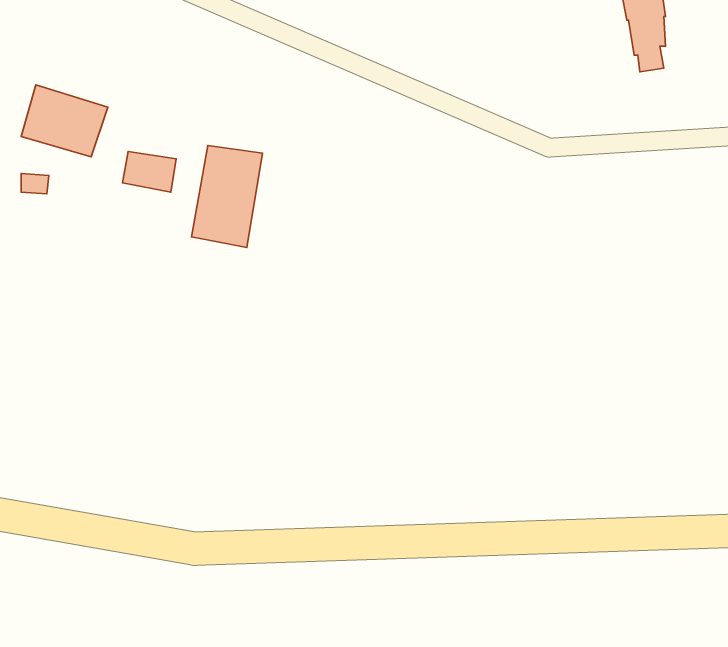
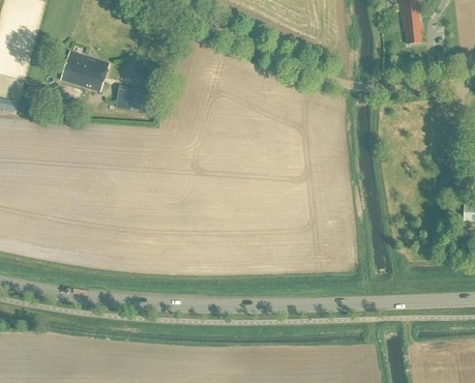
building: [191,146,263,247] -> none

